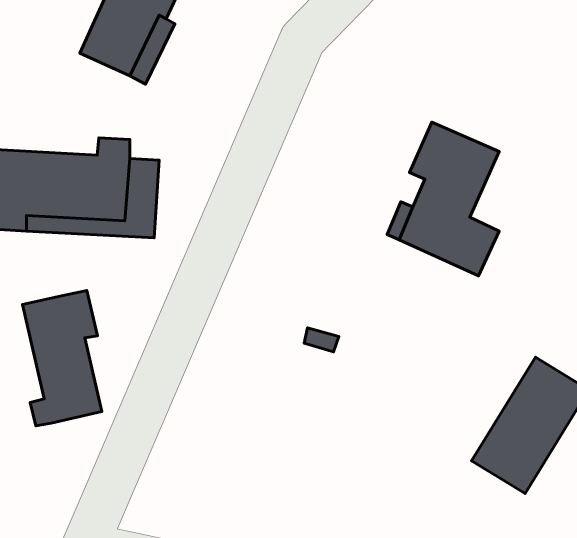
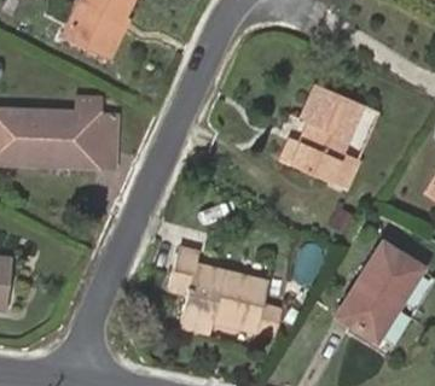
building: [22,290,102,426] -> none
building: none -> [174,248,275,328]

